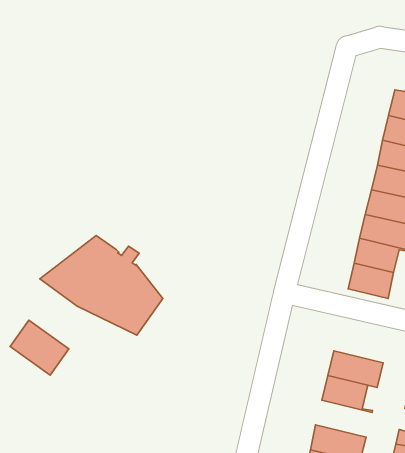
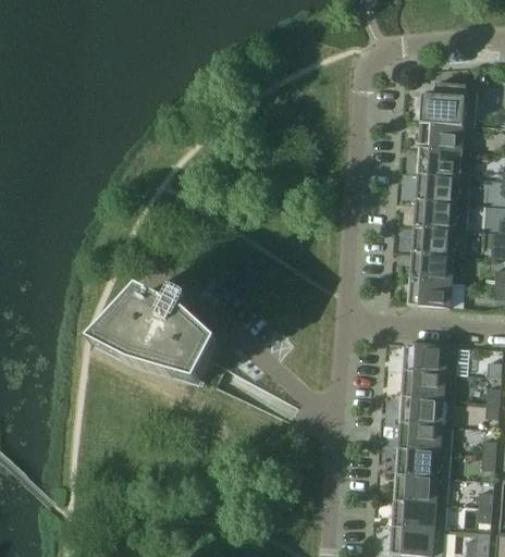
building: [10,320,69,375] -> none
building: none -> [404,342,458,373]
building: none -> [397,421,453,451]

